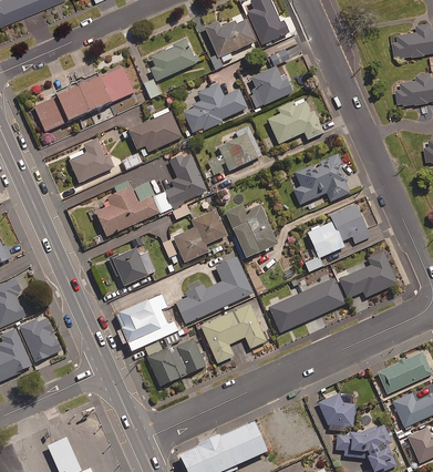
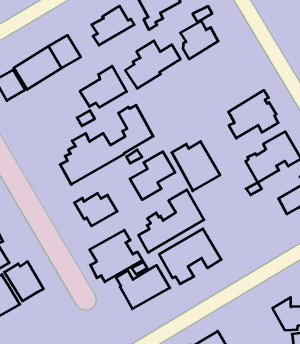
building: [268,98,323,144] -> none
building: [208,126,262,176] -> none
building: [70,138,113,183] -> none
building: [269,278,346,332] -> none

